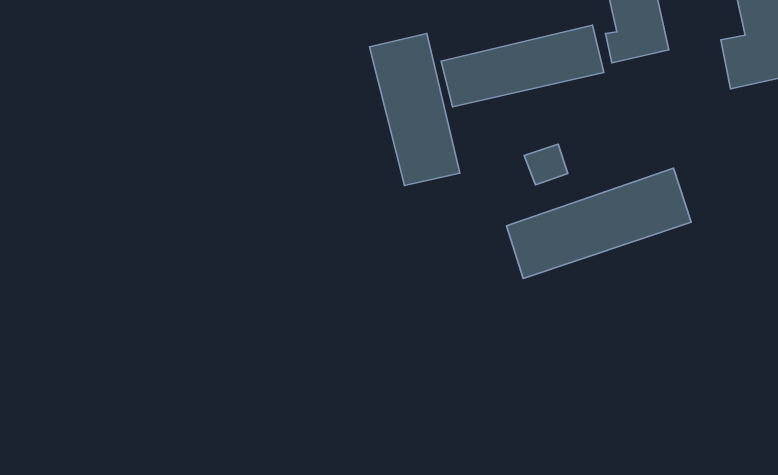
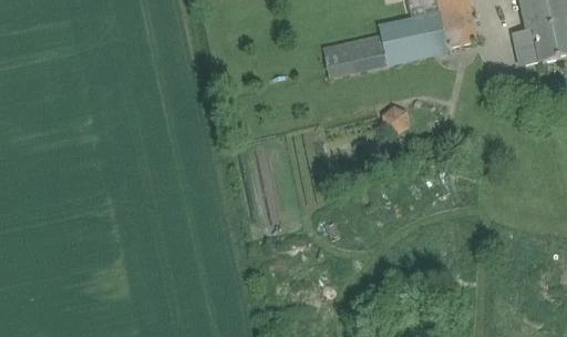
building: [370,34,460,186] -> none
building: [506,168,691,278] -> none

